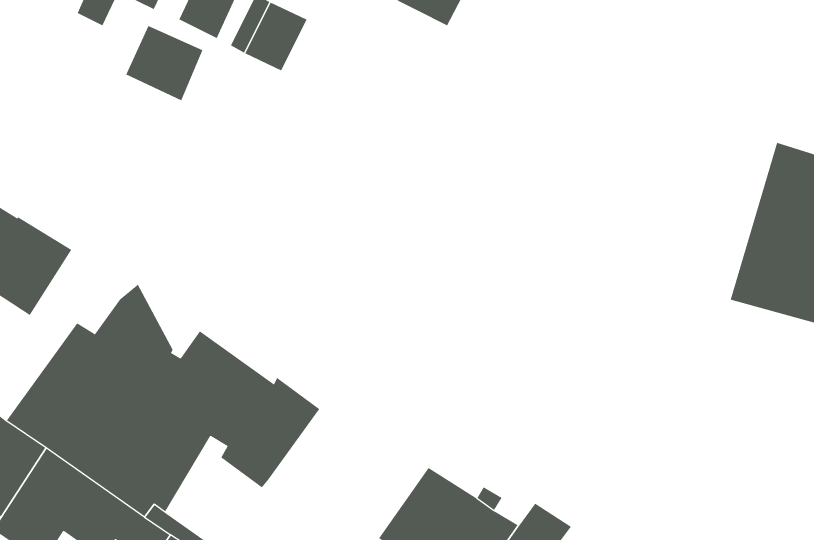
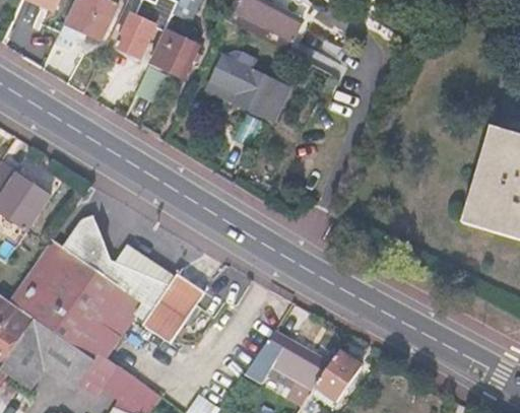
building: [125,25,203,101] -> none
building: none -> [207,54,289,122]

